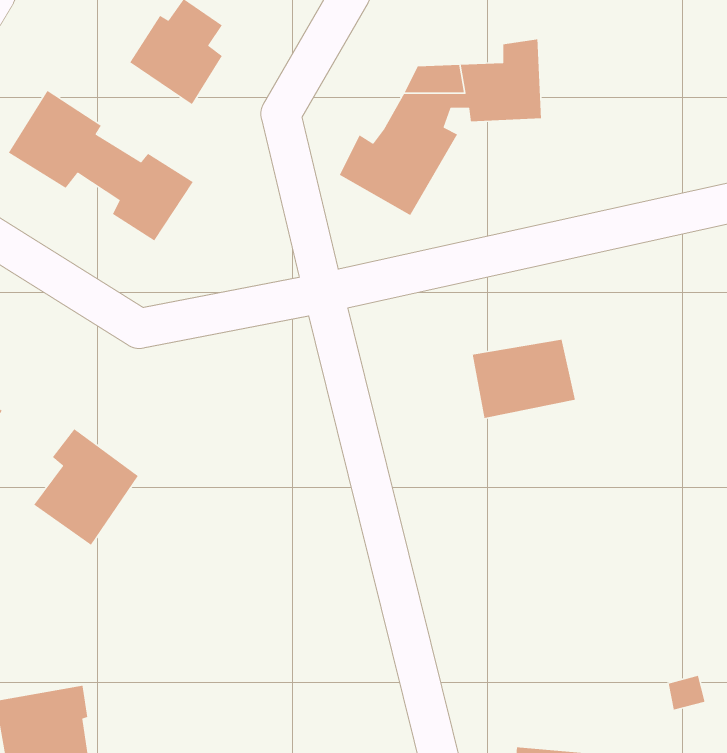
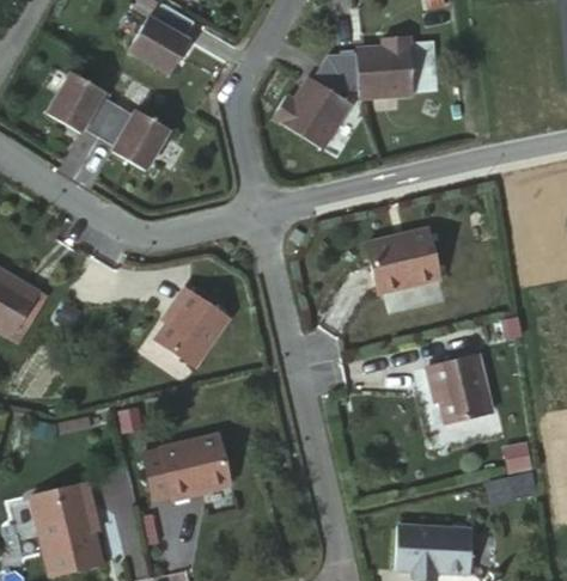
building: [33,428,139,546] -> [156,283,230,366]
building: none -> [423,356,488,422]
building: none -> [153,442,238,510]

